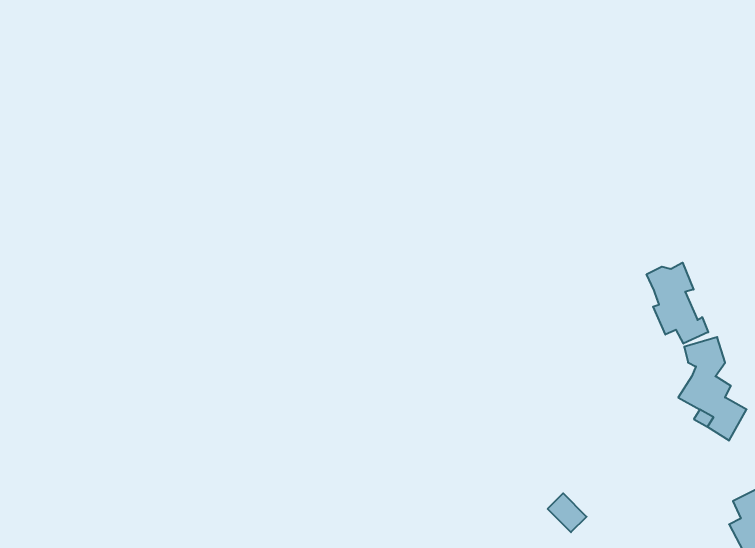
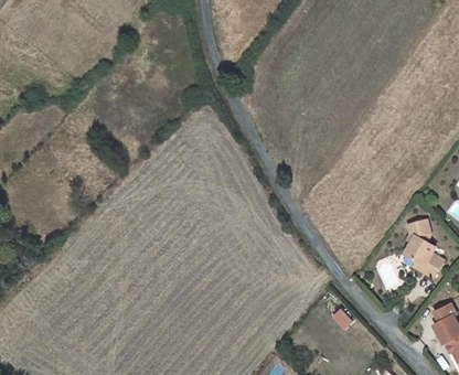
building: [647,263,708,344] -> none

